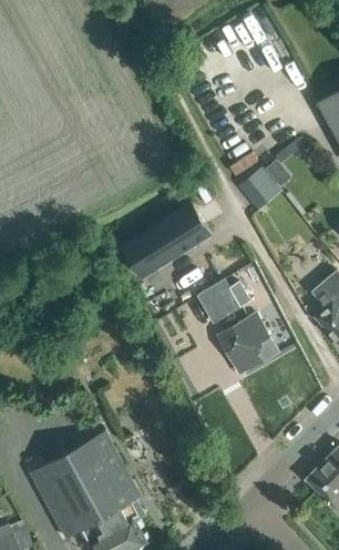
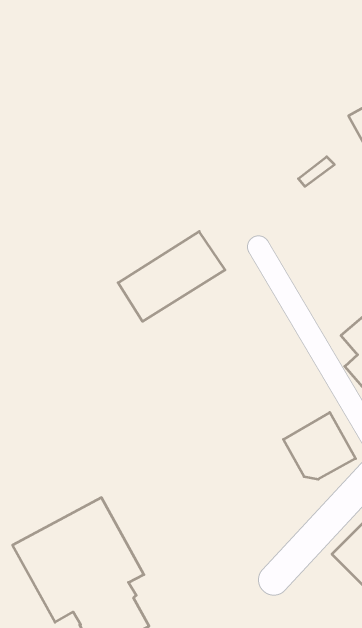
building: [242,167,281,208] -> none
building: [198,281,250,325] -> none
building: [217,313,279,370] -> [283,412,356,479]

